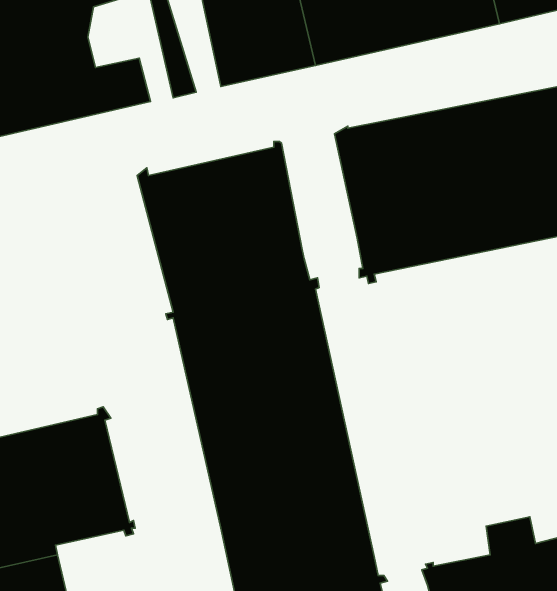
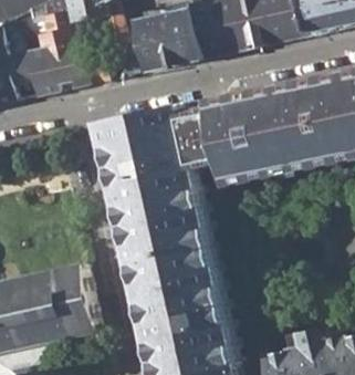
building: none -> [174,102,218,169]

